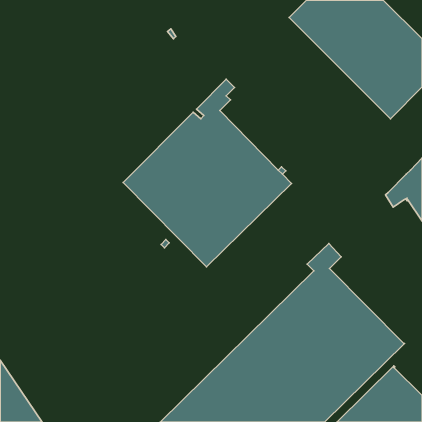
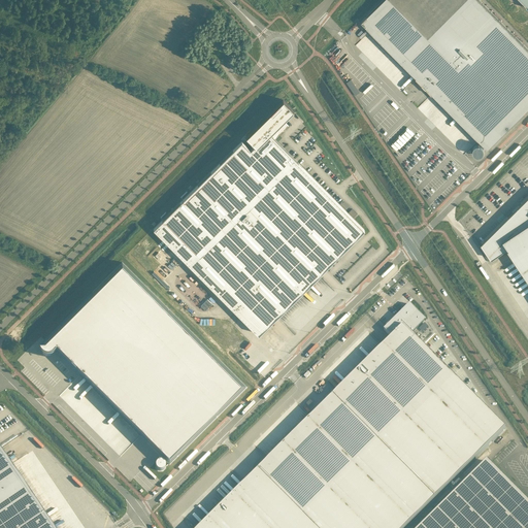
building: none -> [39,262,248,465]

